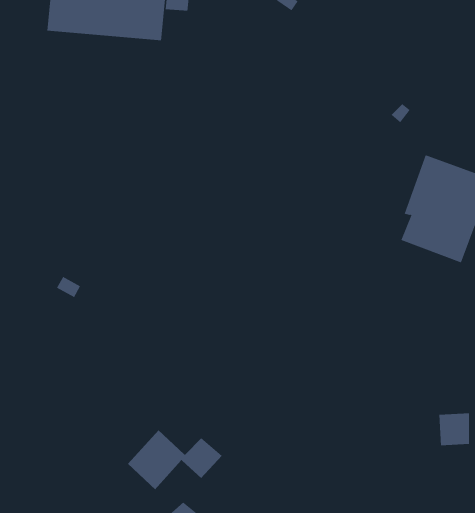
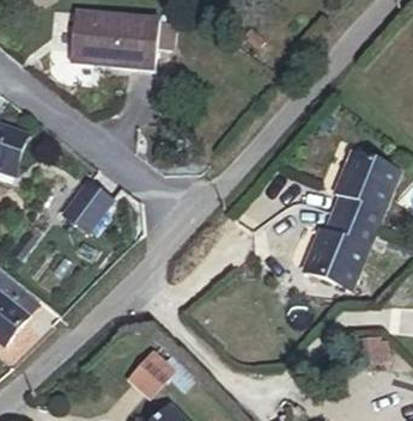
building: none -> [63,178,111,227]
building: none -> [304,213,373,288]

